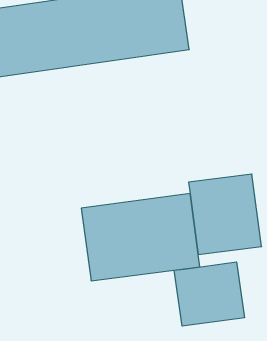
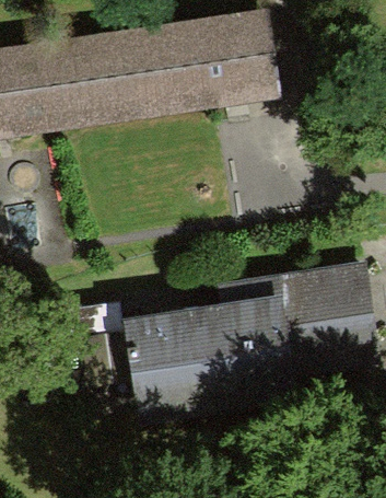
building: [174,262,244,326] -> none

